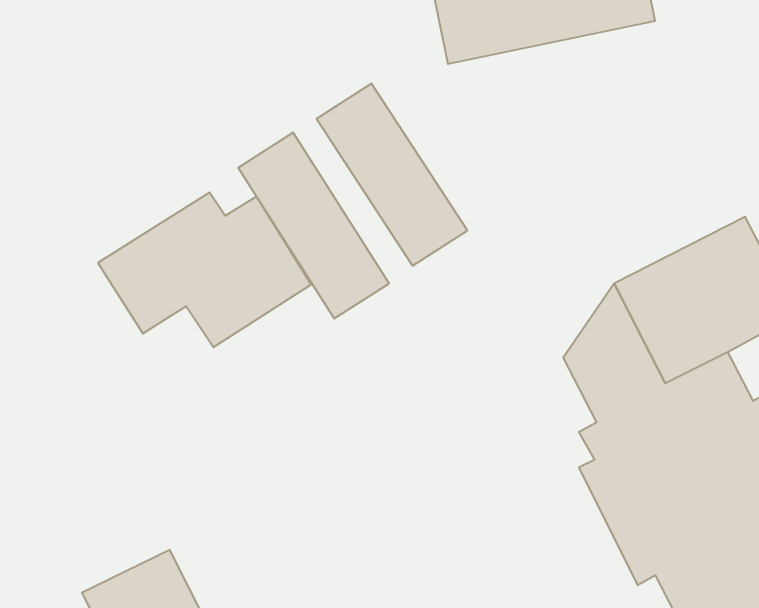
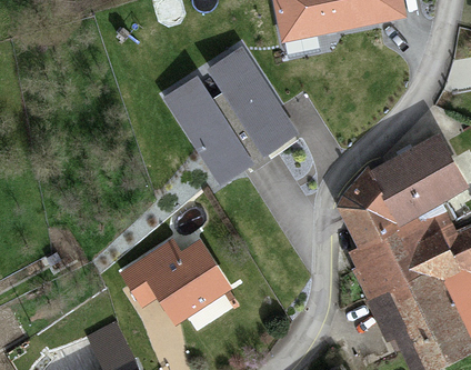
building: [98,192,311,347] -> [111,234,232,322]

